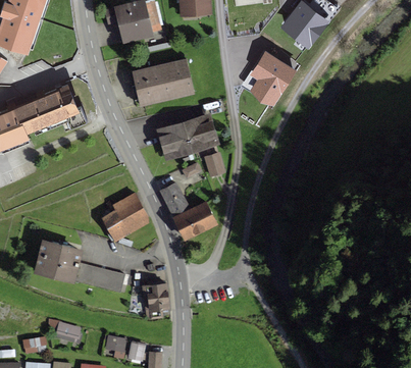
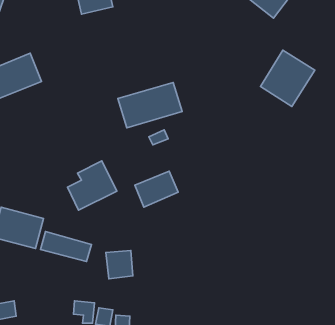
building: [244,49,299,106] -> [261,50,315,106]
building: [126,60,192,109] -> none
building: [204,154,227,178] -> none
building: [159,182,187,215] -> none
building: [56,321,84,345] -> none

